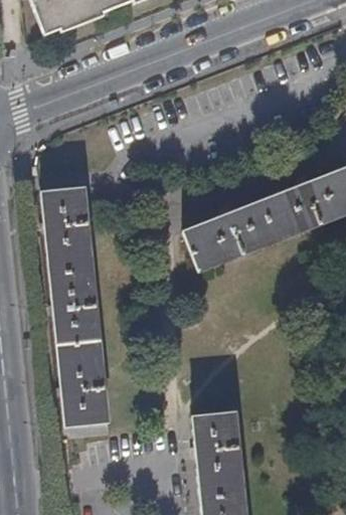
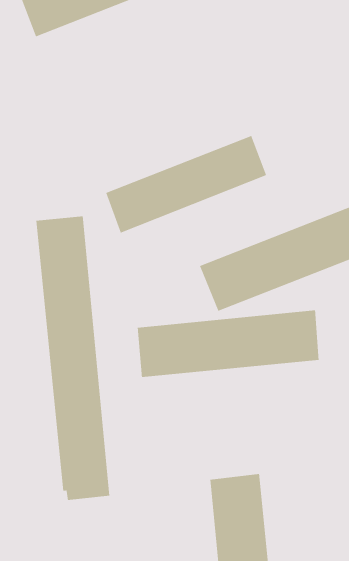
building: none -> [106,135,267,234]
building: none -> [137,309,319,378]

